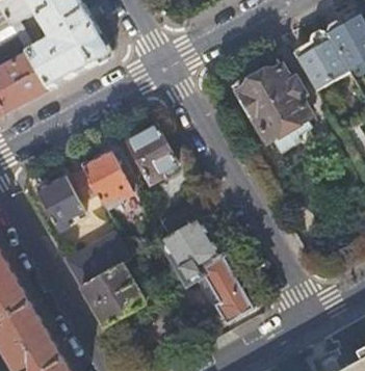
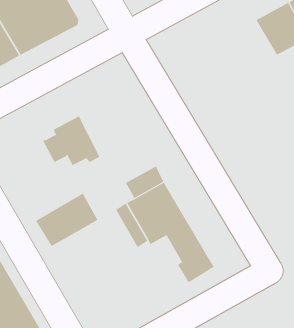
building: [229,58,309,148] -> none
building: [127,127,175,183] -> none
building: [35,177,83,233] -> none
building: [80,265,150,326] -> none

